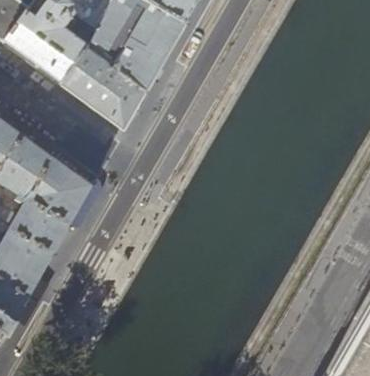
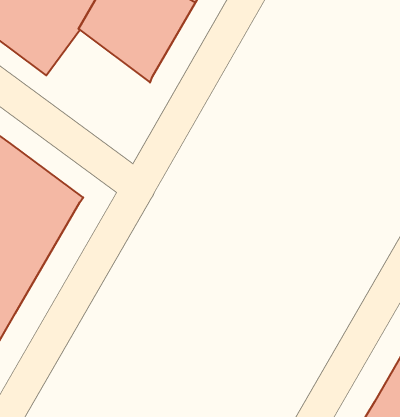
building: [61,46,148,130] -> none

